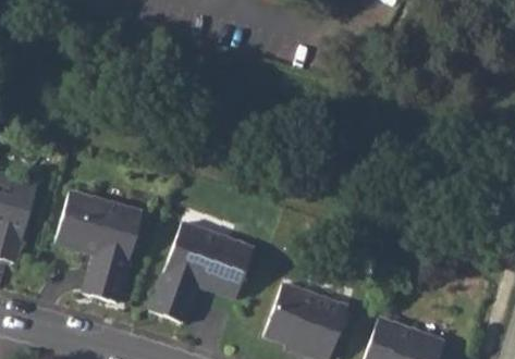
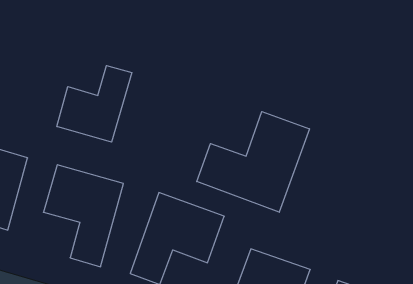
building: none -> [57,66,132,142]
building: none -> [197,112,309,212]

